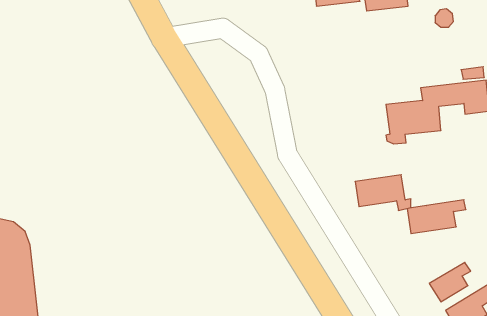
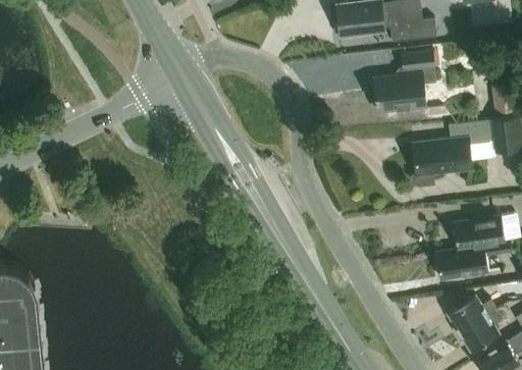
building: none -> [373,49,435,113]
building: [355,175,411,210] -> [452,215,511,253]
building: none -> [448,296,497,331]

